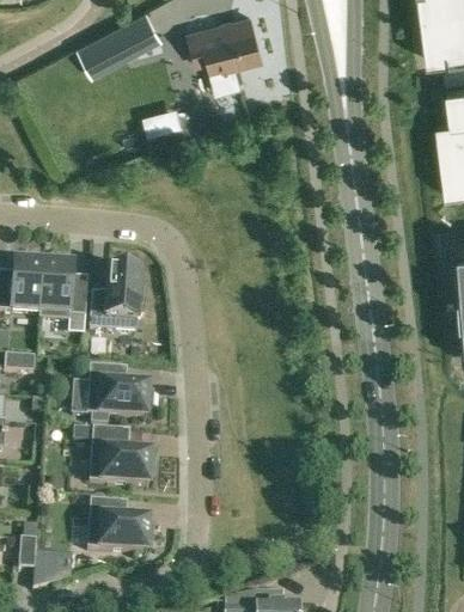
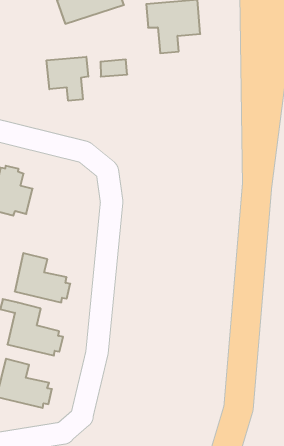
building: none -> [47,57,88,101]
building: [88,270,142,335] -> none

